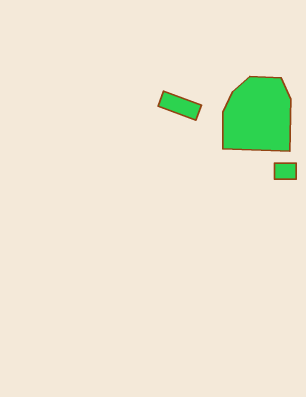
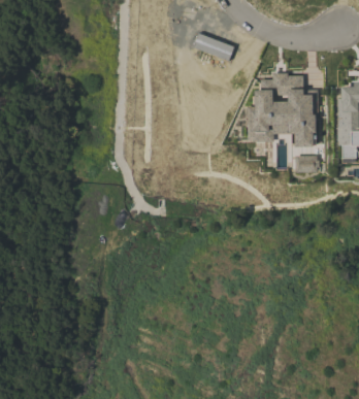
building: [158,91,201,120] -> [193,34,234,62]

